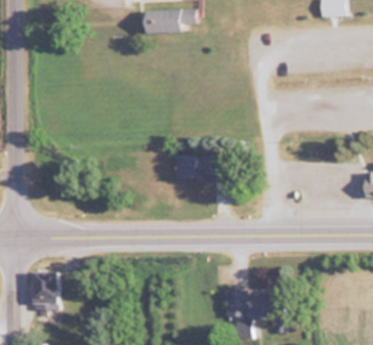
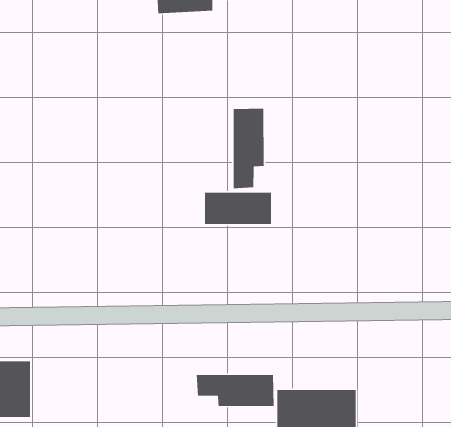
building: none -> [233,108,265,189]
building: none -> [196,374,274,407]

